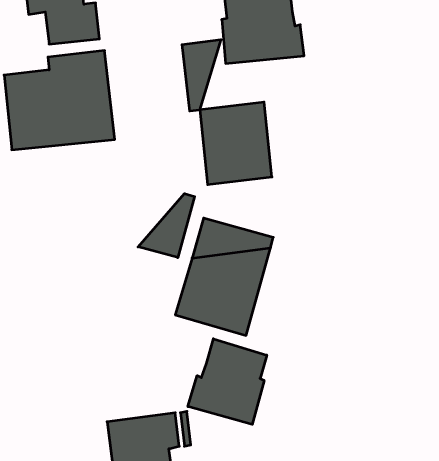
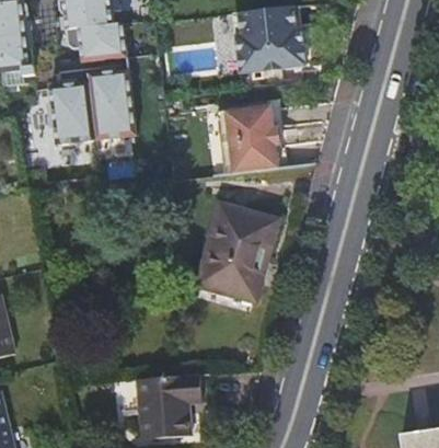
building: [182,40,221,111] -> none
building: [138,194,195,258] -> none
building: [188,339,267,424] -> none

